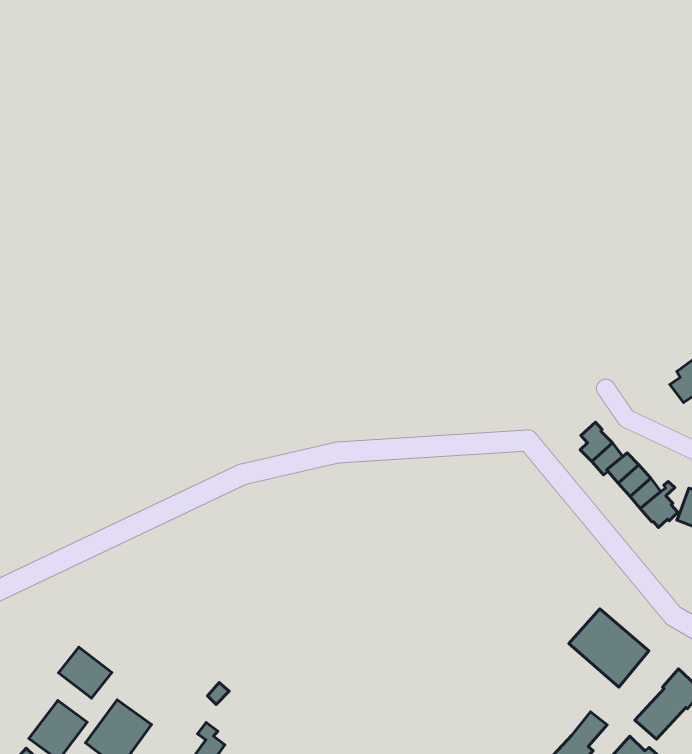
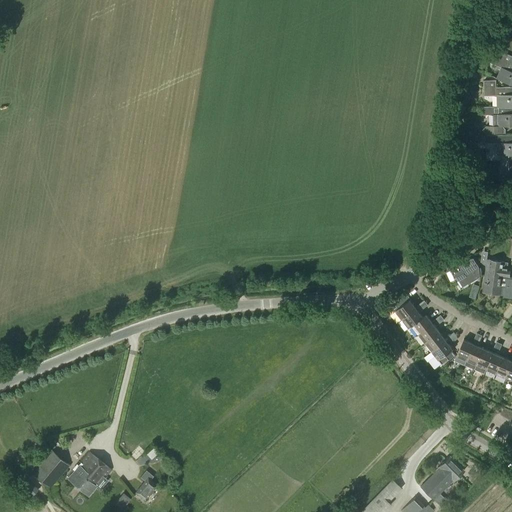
building: [569,609,649,687] -> none
building: [58,647,112,698] -> none

